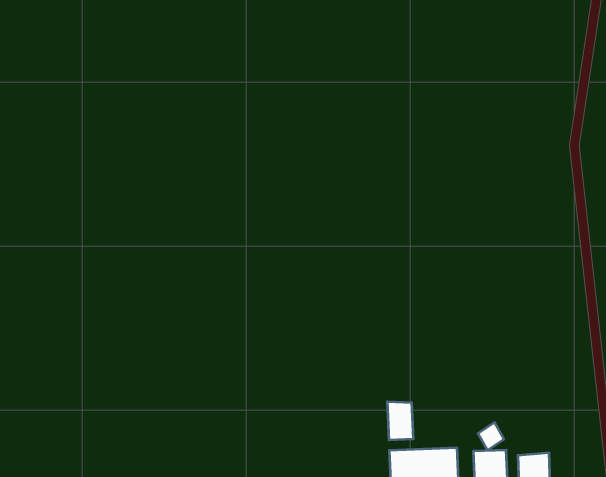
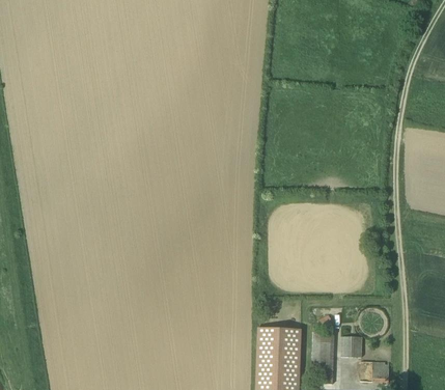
building: [387,402,413,440] -> none

